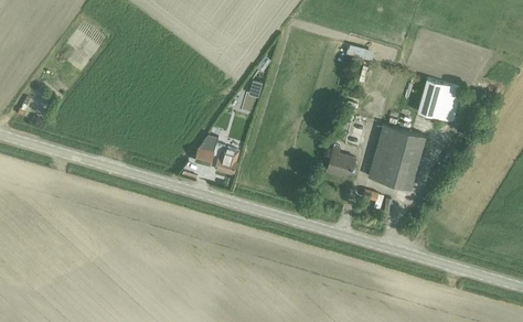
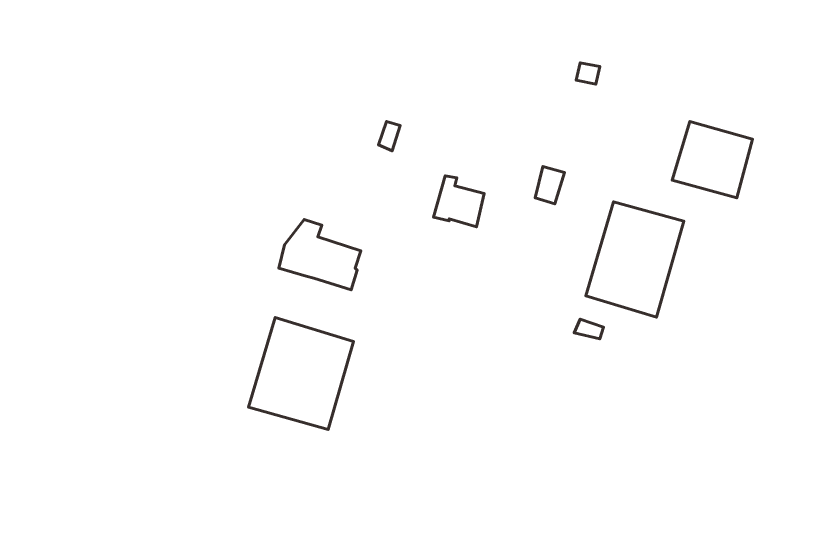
building: [325,150,354,179] -> [433,176,484,227]
building: none -> [248,318,354,430]

